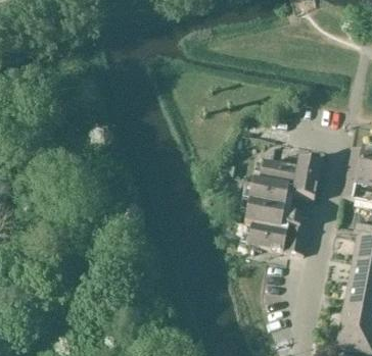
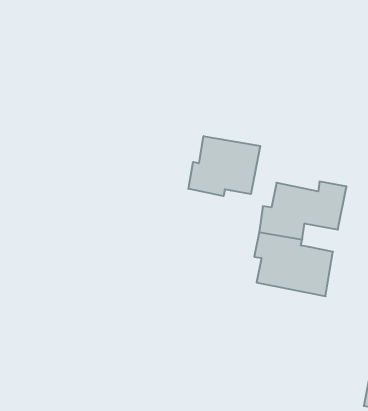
building: none -> [188,136,260,196]

